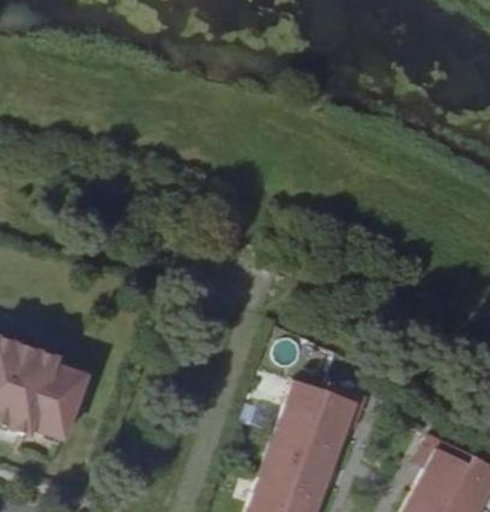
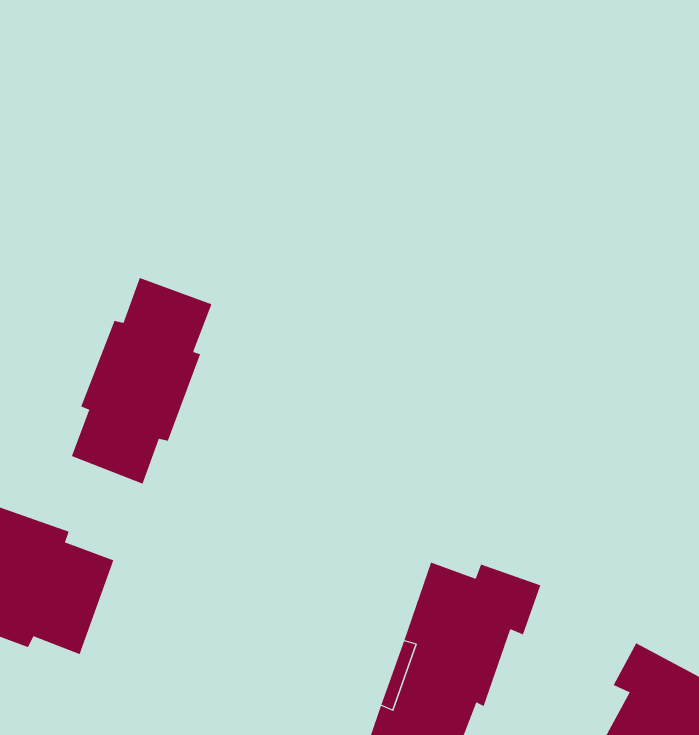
building: none -> [71,277,212,485]

